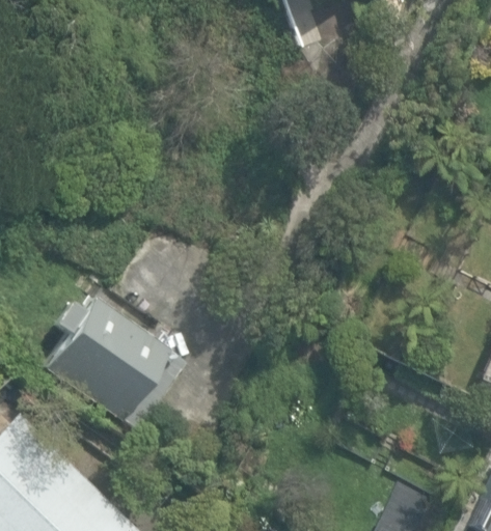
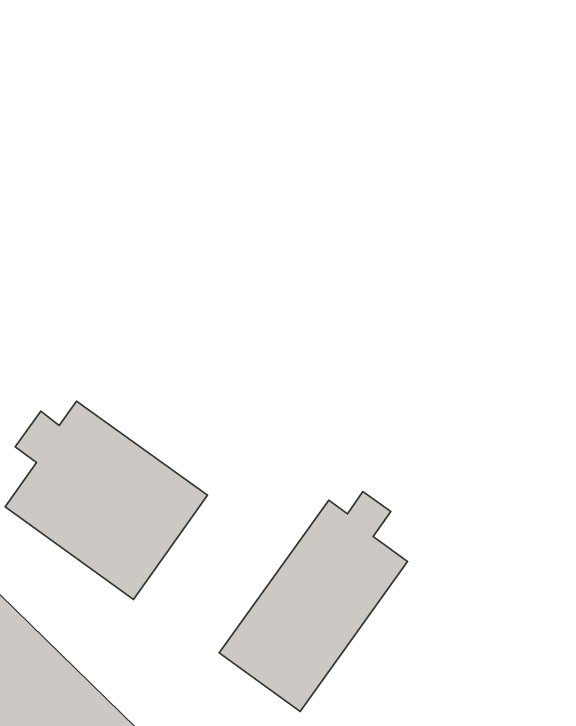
building: none -> [219,491,407,712]

